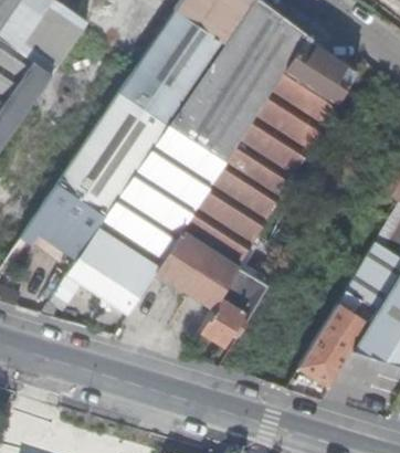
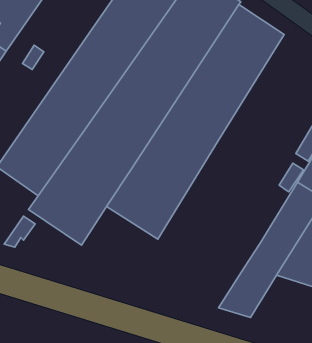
building: [198,271,265,345] -> none

